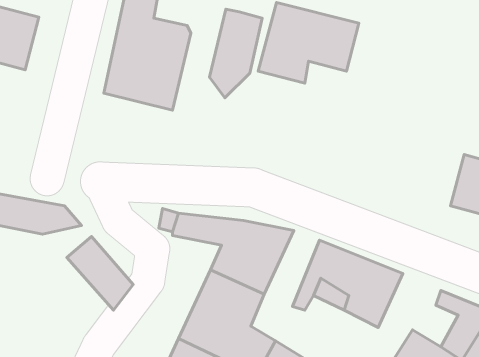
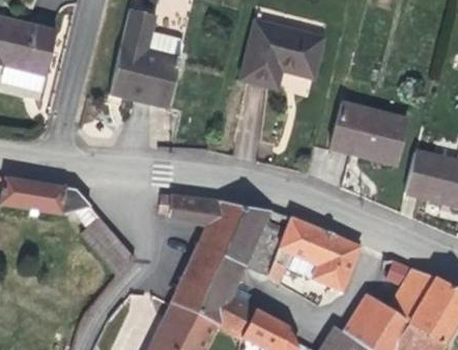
building: [210,9,262,98] -> none
building: none -> [323,97,401,162]

